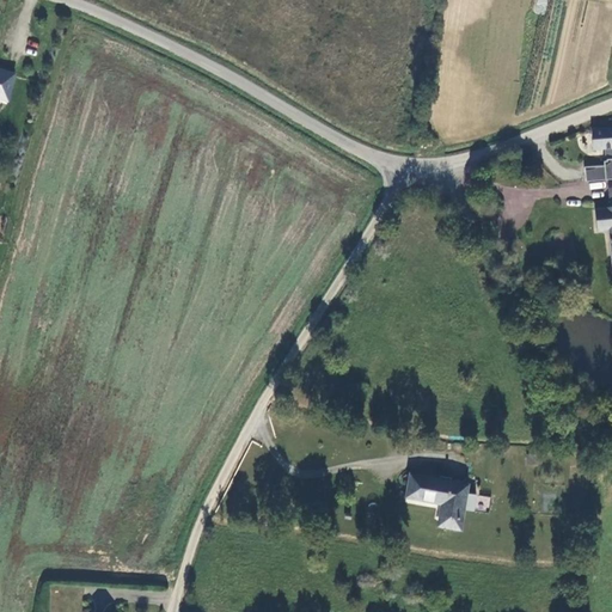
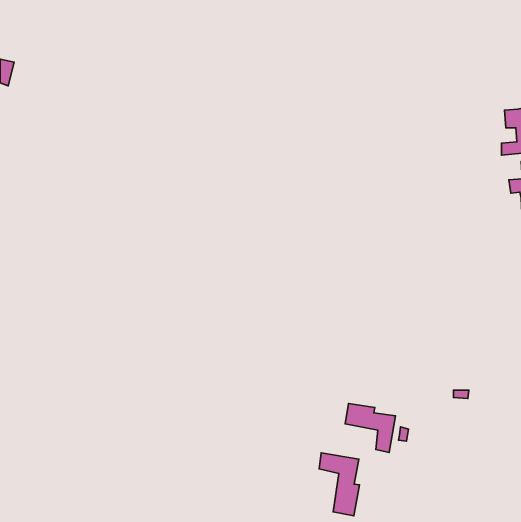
building: none -> [319,453,359,516]

